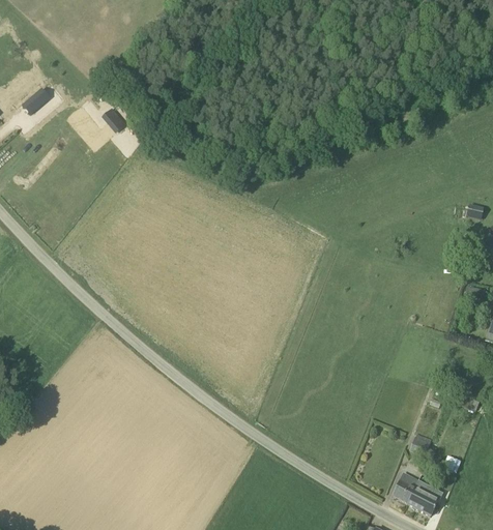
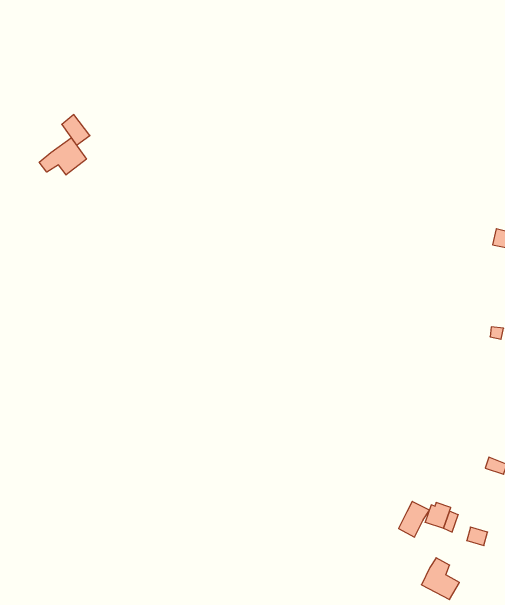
building: none -> [39,138,86,175]
building: [393,472,418,502] -> [399,501,429,537]

